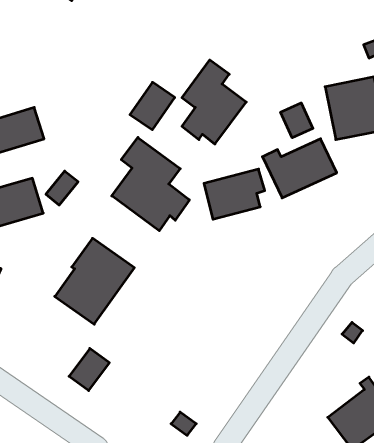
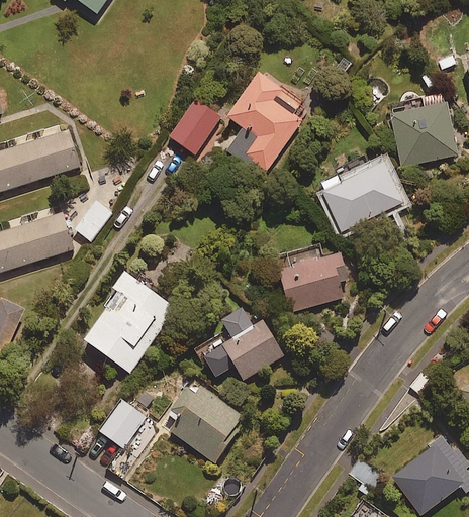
building: [281,103,313,138] -> none
building: [112,137,189,231] -> none
building: [204,169,265,219] -> [279,255,348,312]
building: none -> [204,304,284,380]
building: none -> [160,375,244,461]

